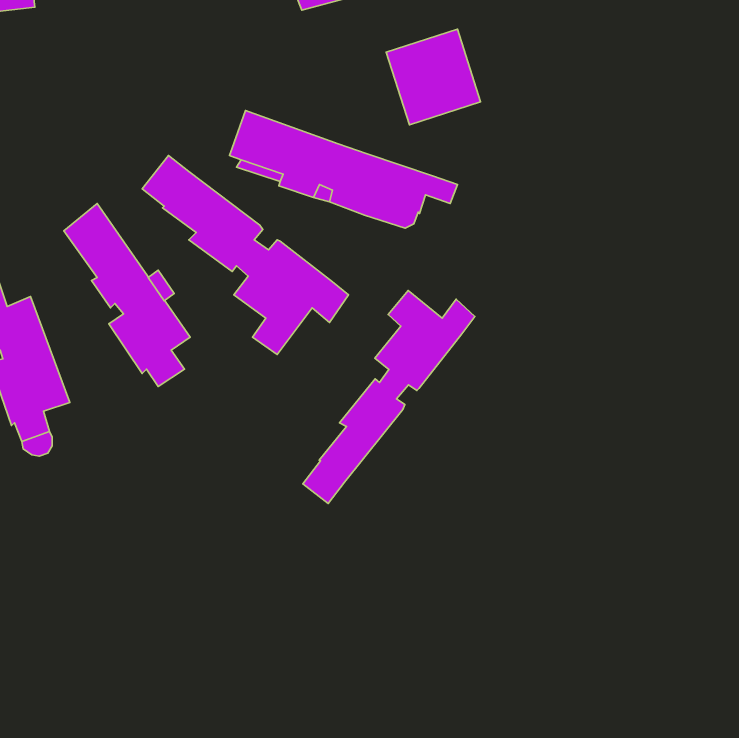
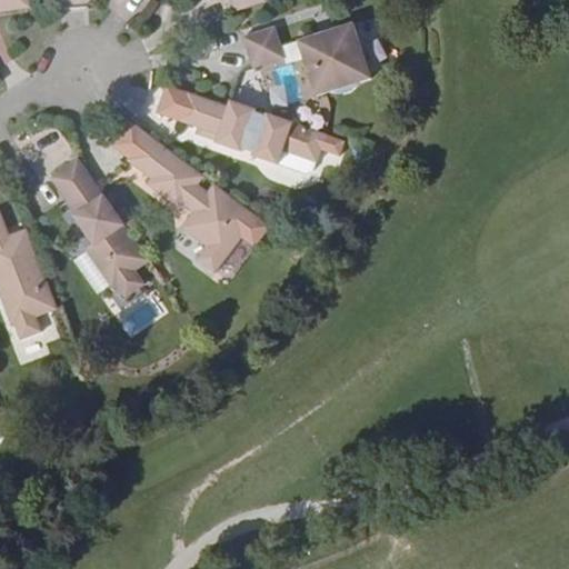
building: none -> [240,26,282,68]
building: [303,290,475,504] -> none

